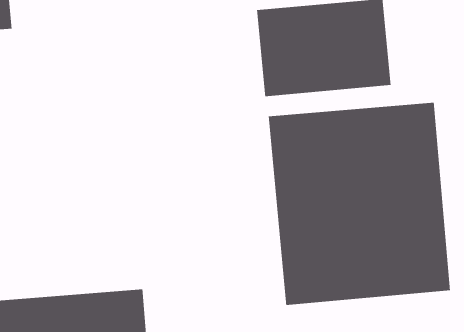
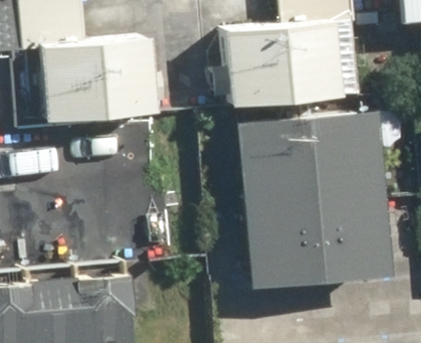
building: none -> [40,37,157,123]

